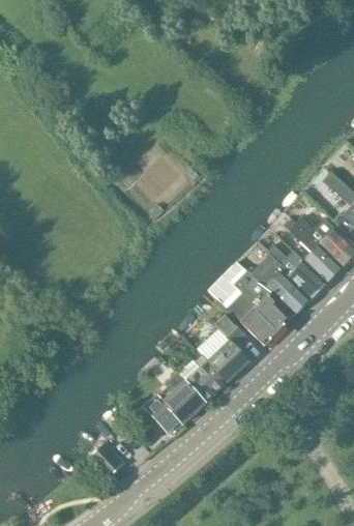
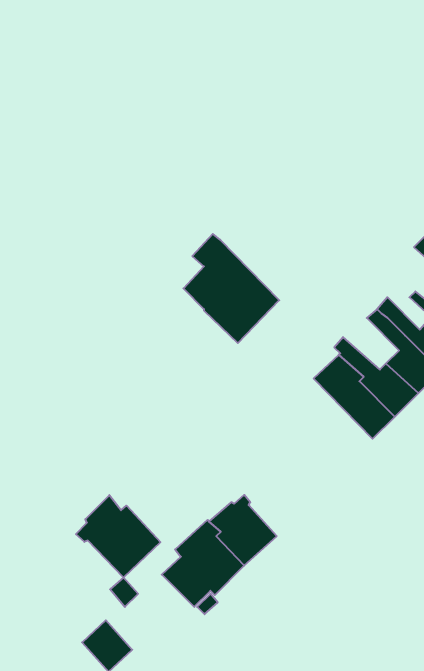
building: [228,267,295,344] -> [183,234,279,343]
building: [200,315,250,382] -> none
building: none -> [76,495,160,577]

